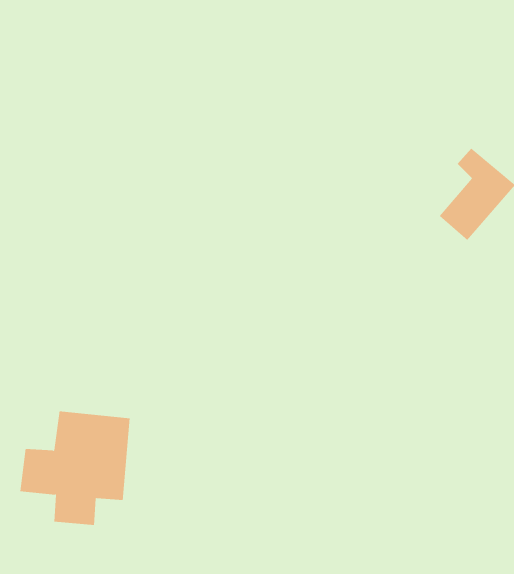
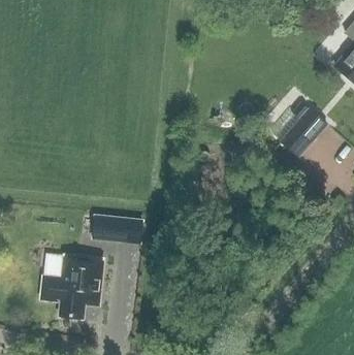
building: none -> [93,215,138,243]

